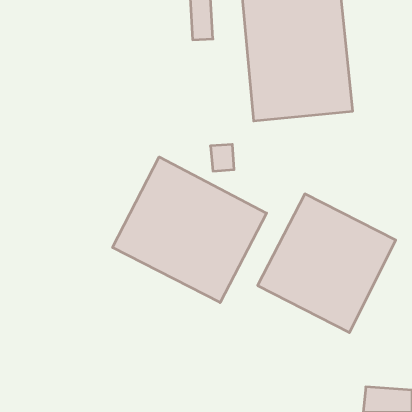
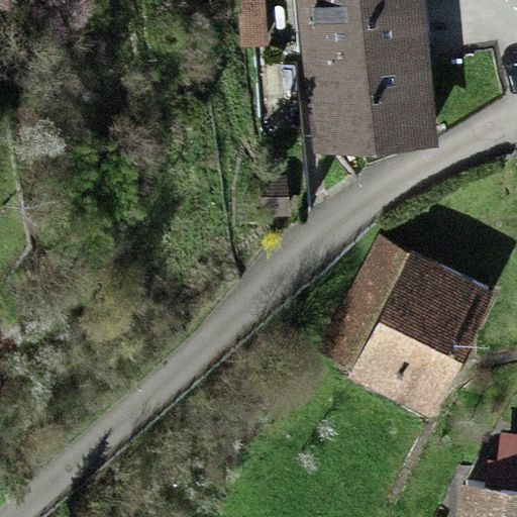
building: [113,157,267,303] -> none

